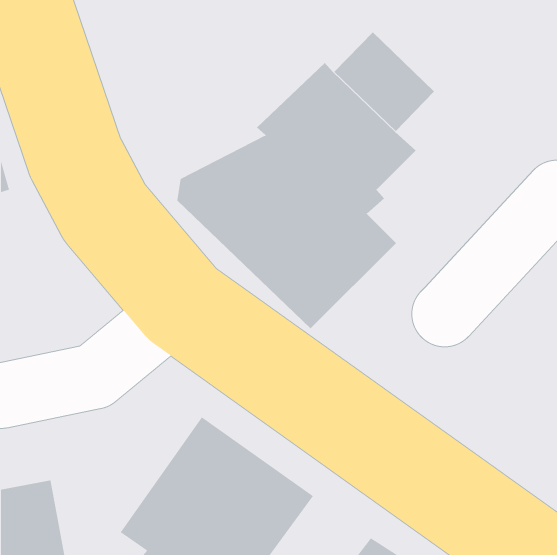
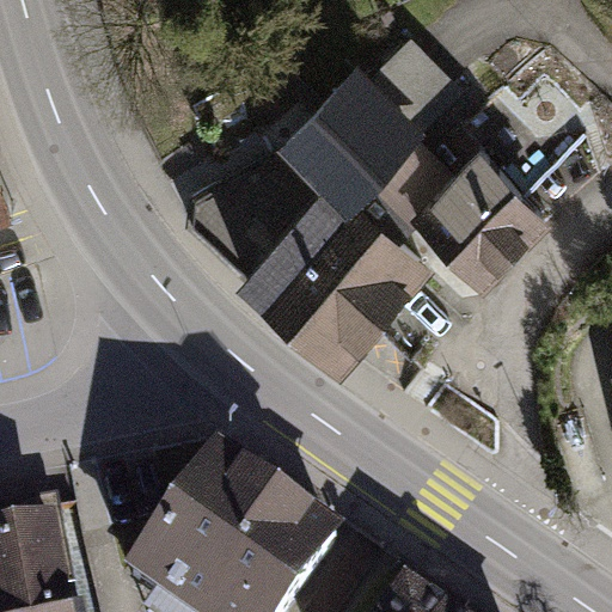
building: none -> [414,142,551,282]

